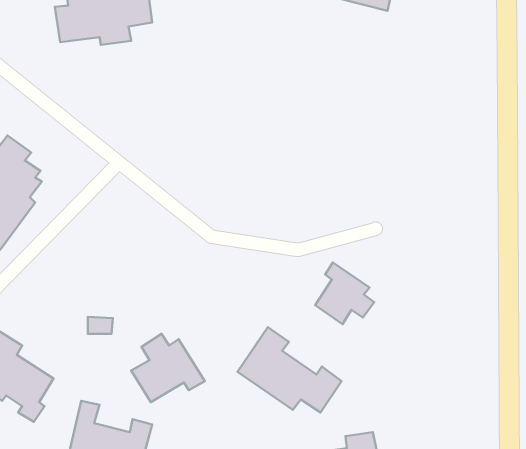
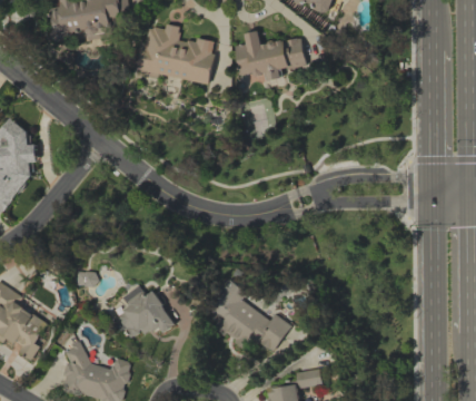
building: none -> [137,23,215,82]
building: none -> [232,30,306,80]
building: [315,262,374,324] -> none

